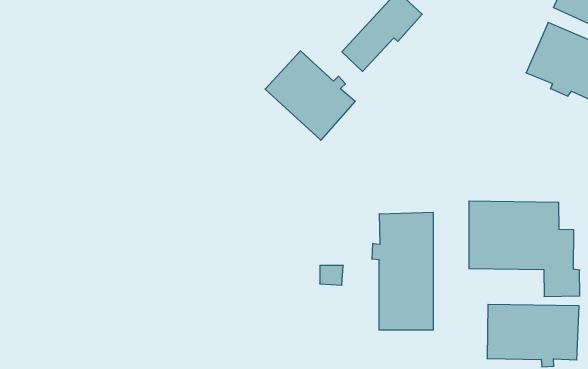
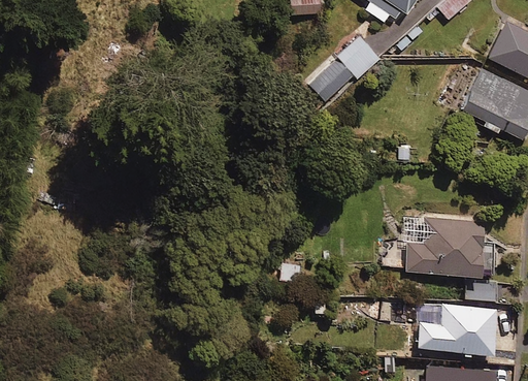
building: [265,51,355,140] -> none
building: [372,212,433,330] -> none

